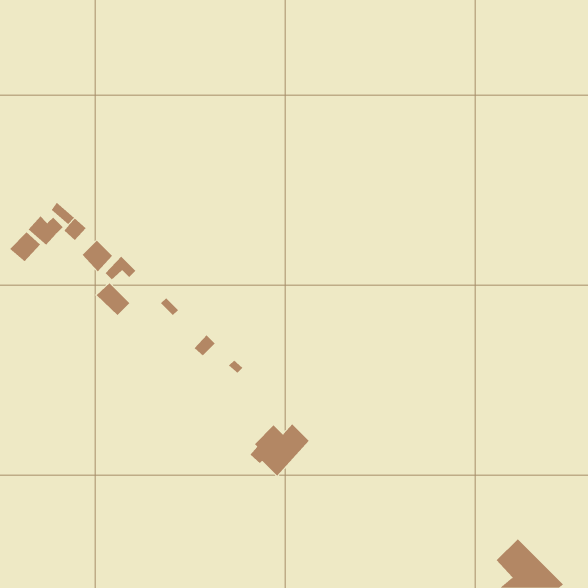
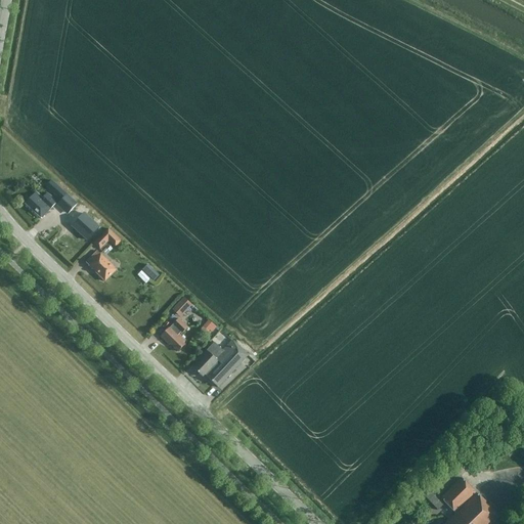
building: [9,231,41,262] -> none
building: none -> [160,317,187,350]
building: [249,423,309,477] -> [192,340,246,387]

